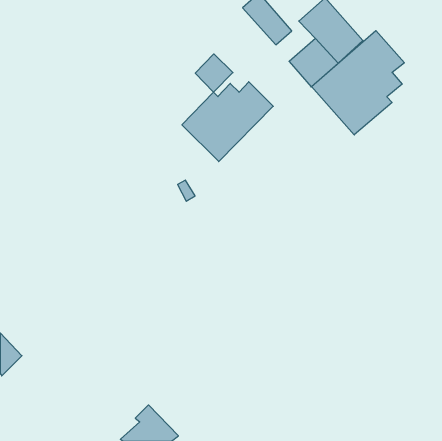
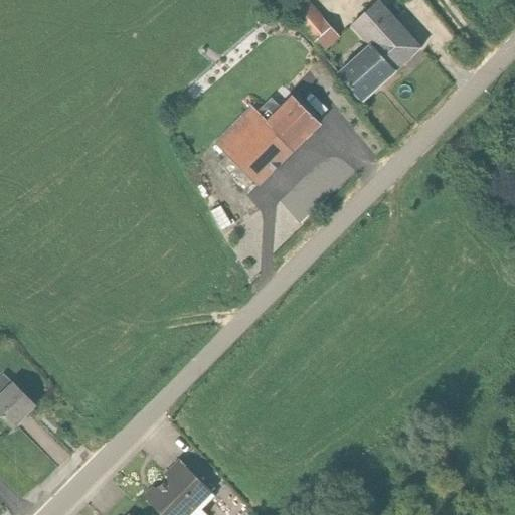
building: [312,31,404,135] -> none
building: [195,54,233,92] -> none

